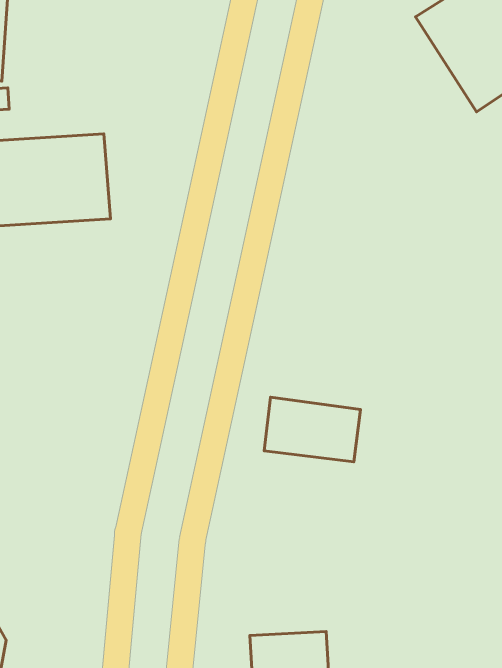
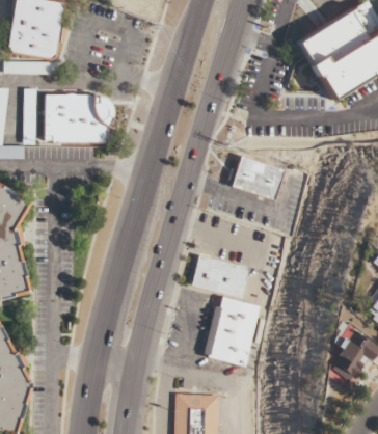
building: none -> [230,155,285,199]
building: none -> [202,295,260,365]

